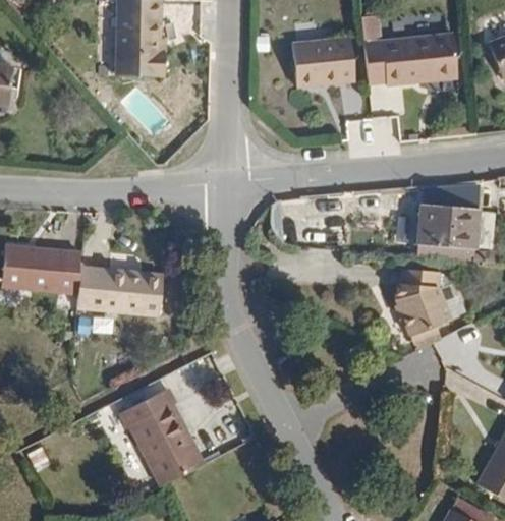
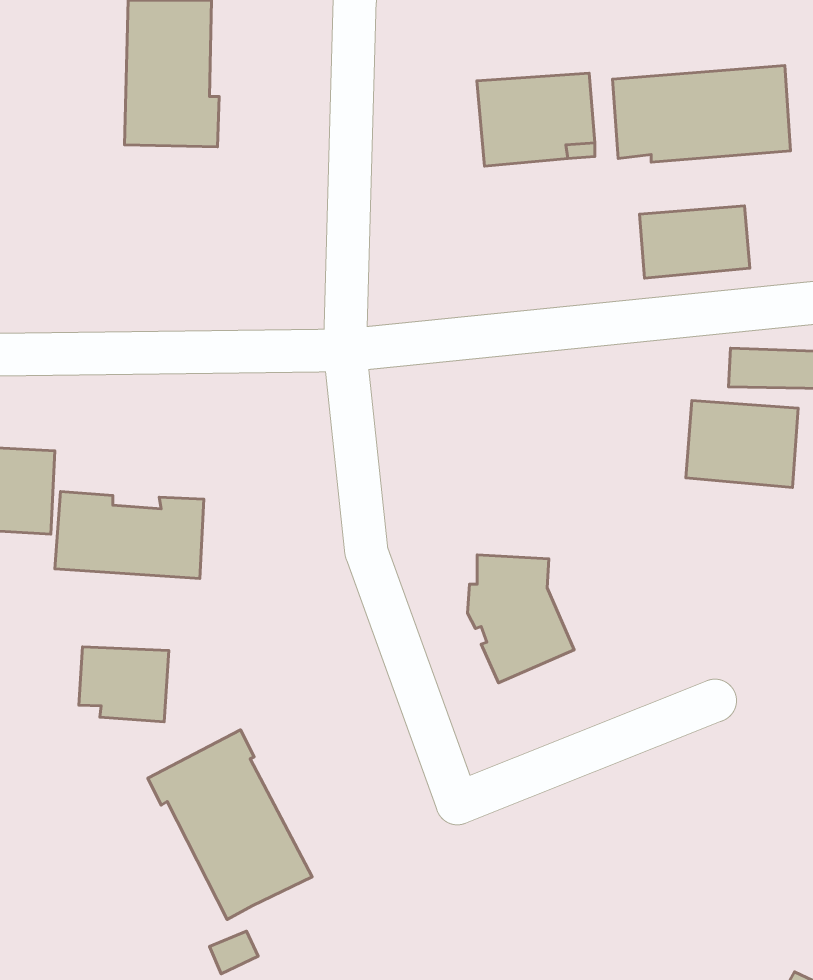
building: none -> [639,206,750,278]
building: [392,277,448,344] -> [468,555,574,683]
building: none -> [79,647,169,722]

